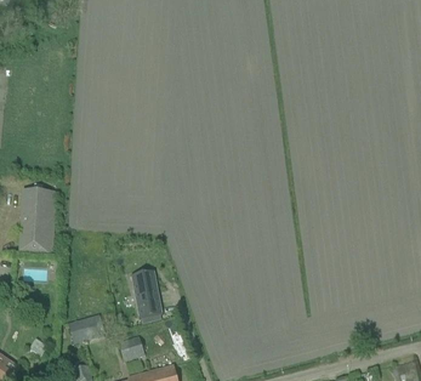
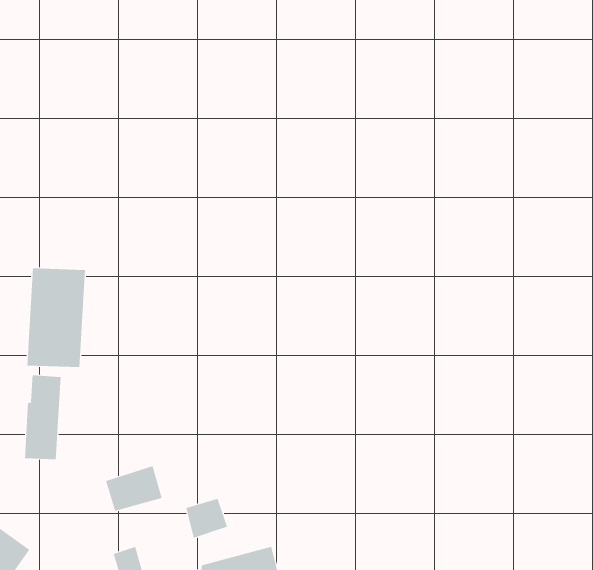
building: none -> [24,375,61,460]
building: [130,269,163,317] -> none

